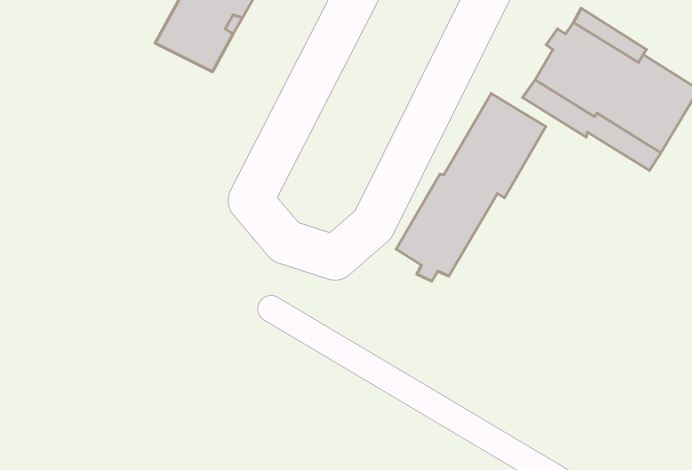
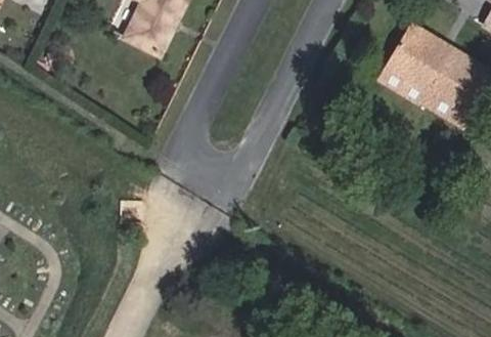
building: [396,94,546,281] -> none

